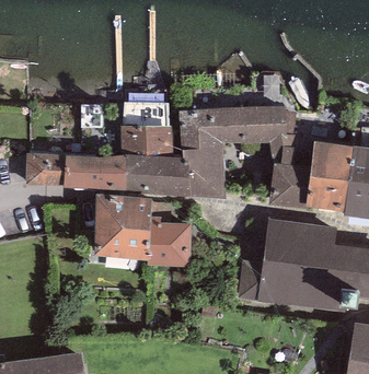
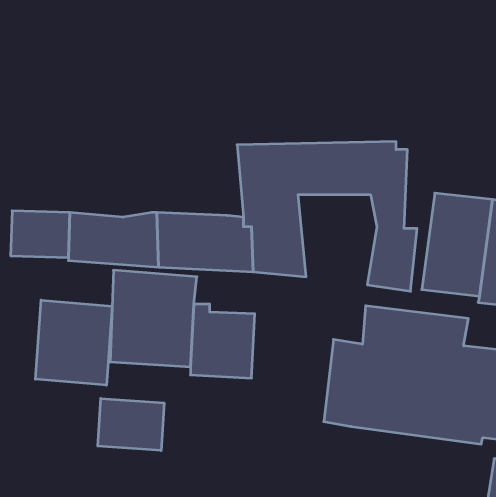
building: [120,102,173,156] -> none
building: none -> [35,300,112,385]
building: none -> [98,398,164,451]

